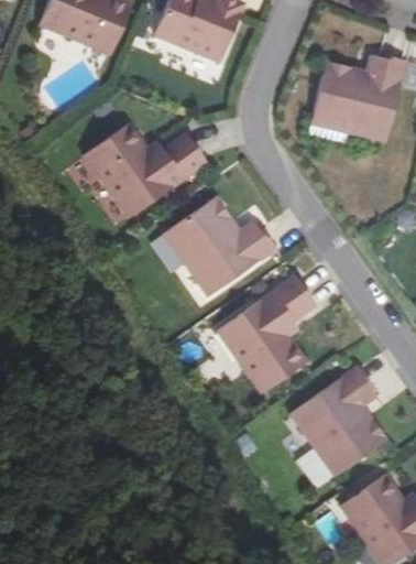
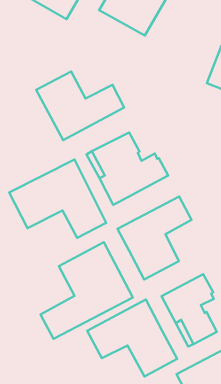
building: none -> [9,159,106,238]
building: none -> [40,242,133,339]
building: none -> [87,300,177,376]

